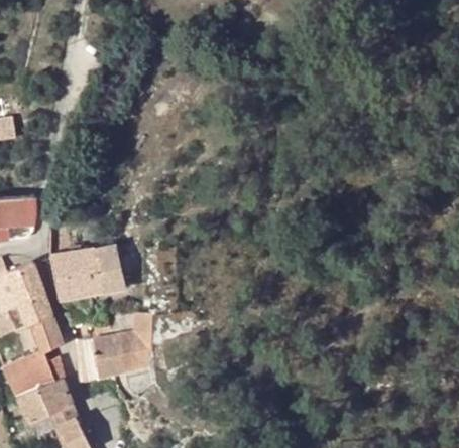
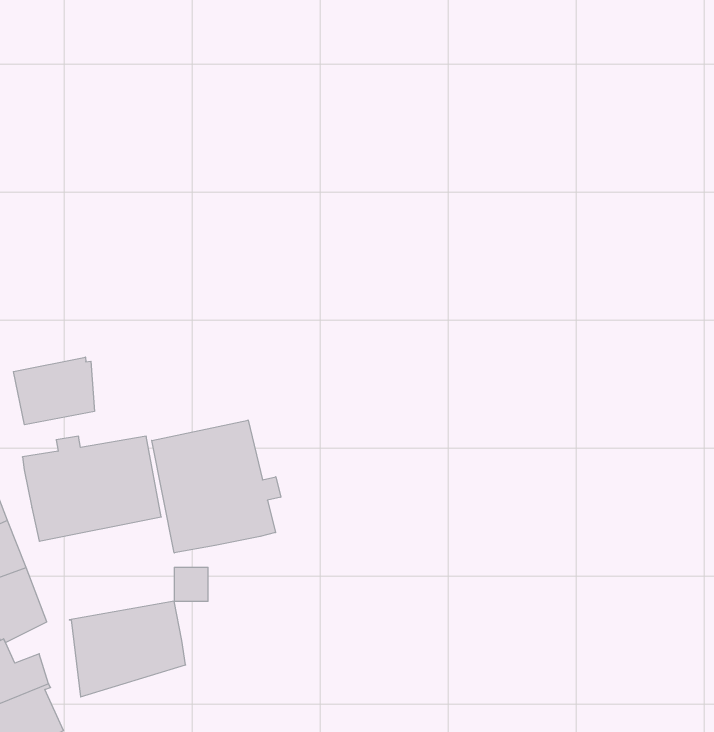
building: none -> [13,357,94,425]
building: none -> [152,420,281,553]

